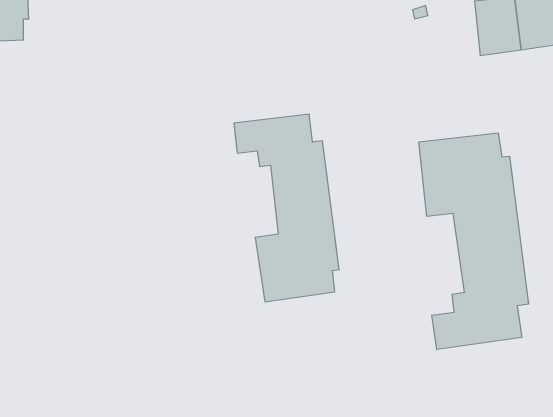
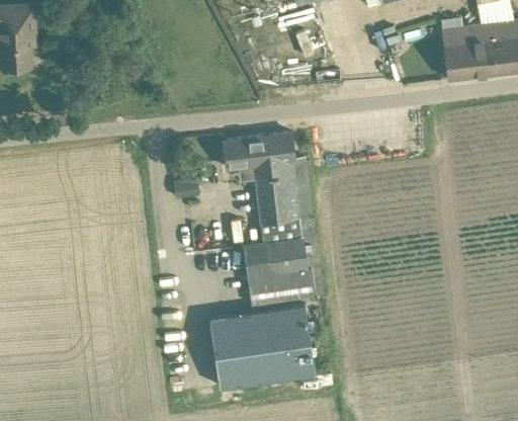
building: [419,133,529,350] -> none
building: none -> [207,304,314,386]

